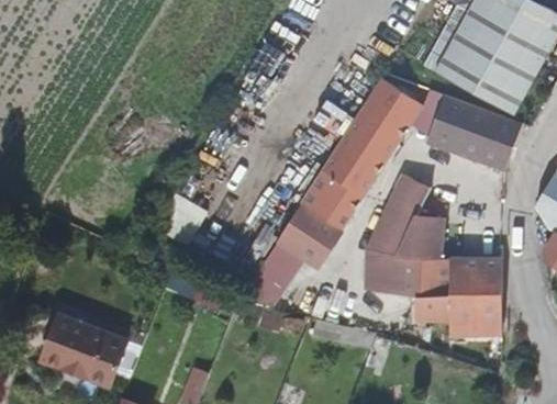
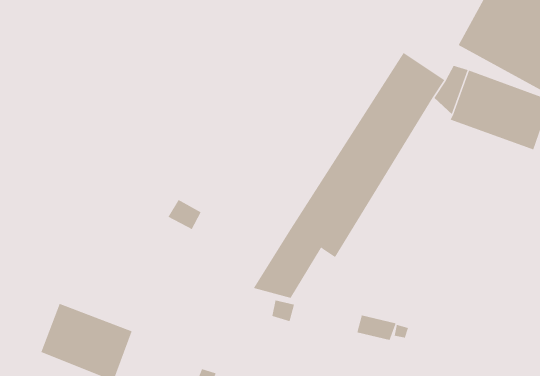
building: [364,175,501,336] -> none

